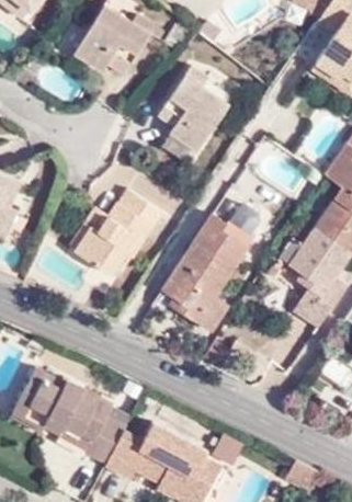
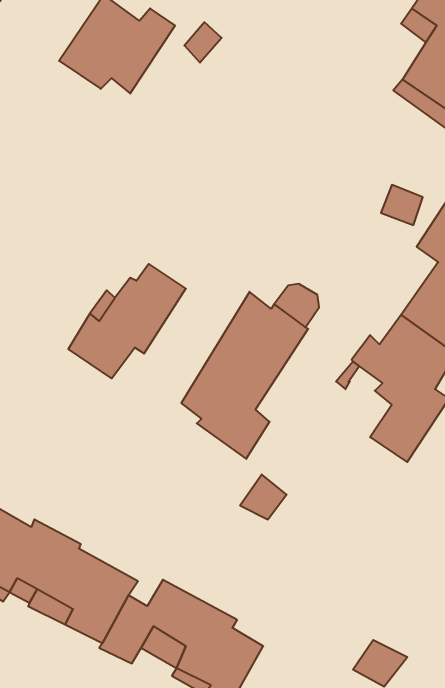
building: [159,69,230,155] -> none

